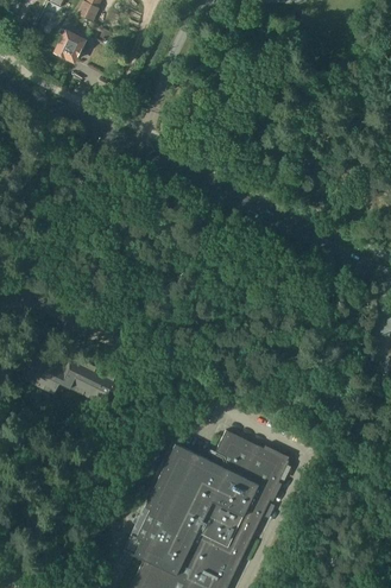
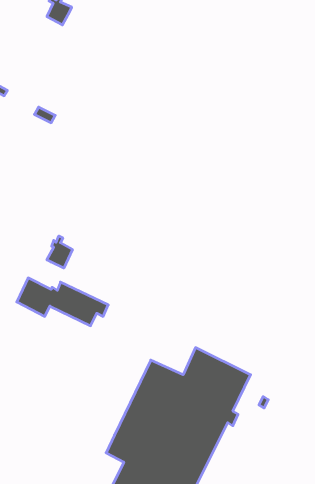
building: none -> [47,236,72,268]

